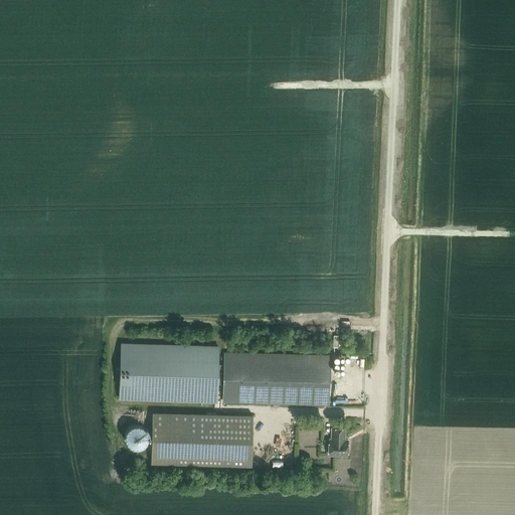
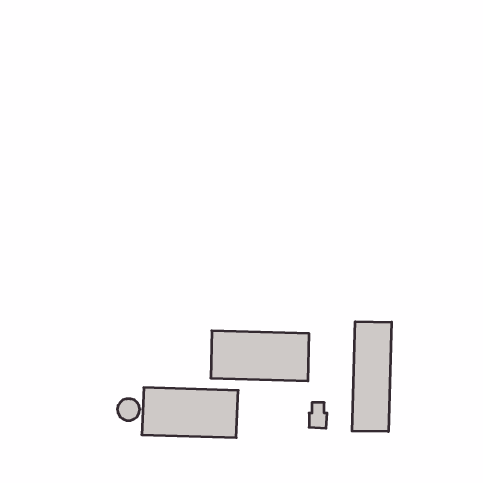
building: none -> [352,322,392,432]
building: [120,343,218,402] -> none

